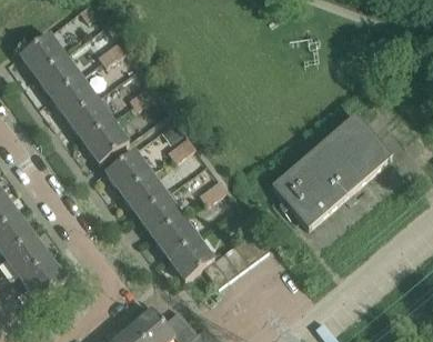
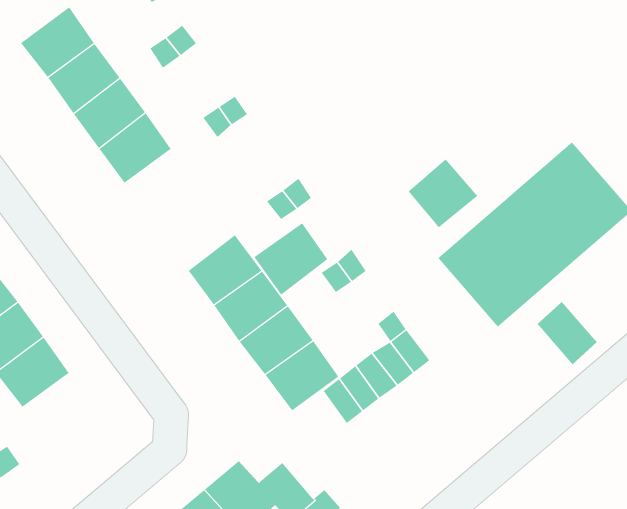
building: [82,119,128,162] -> none
building: none -> [408,159,478,228]
building: [104,149,150,193] -> [253,223,328,296]
building: none -> [537,301,597,365]
building: [20,255,66,299] -> none

